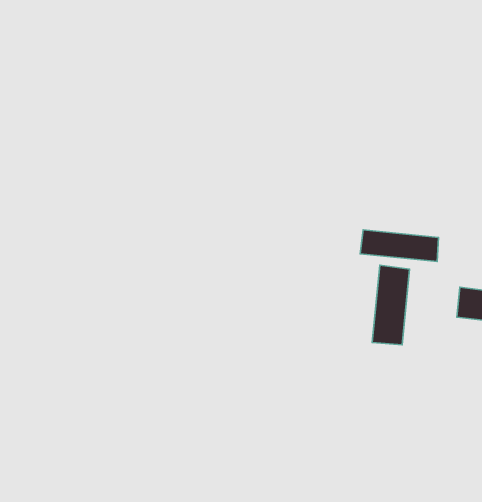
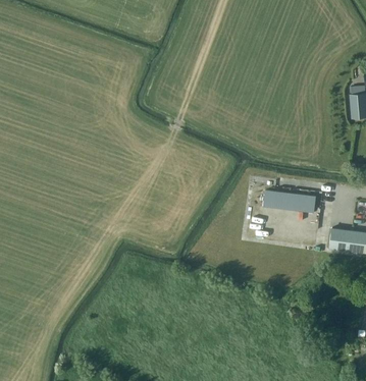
building: [372,265,410,345] -> none

